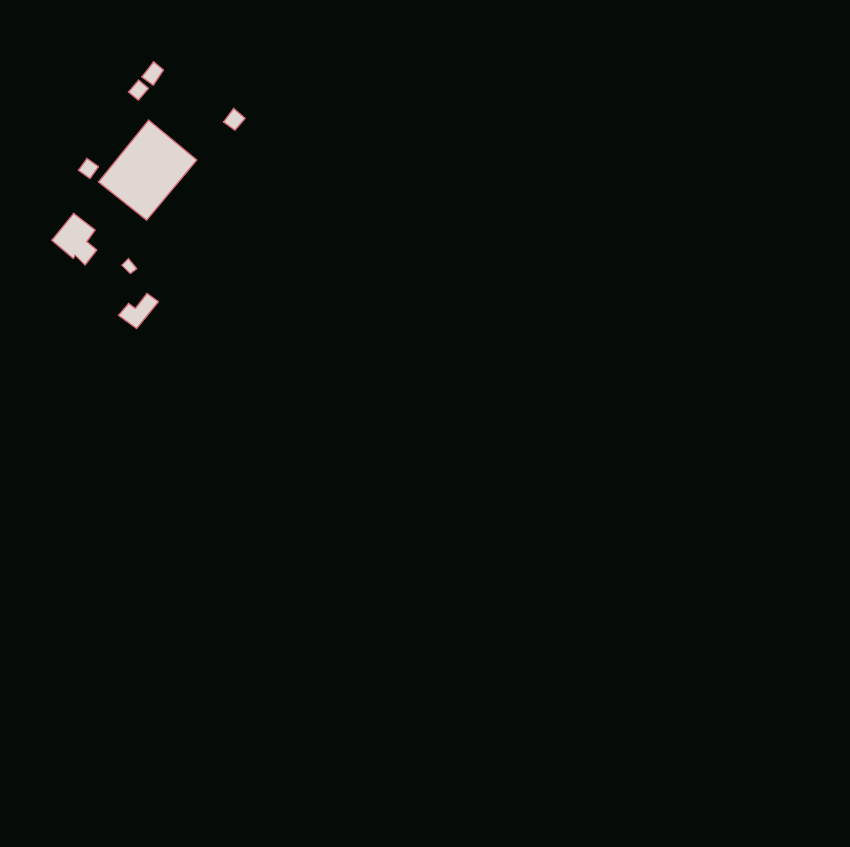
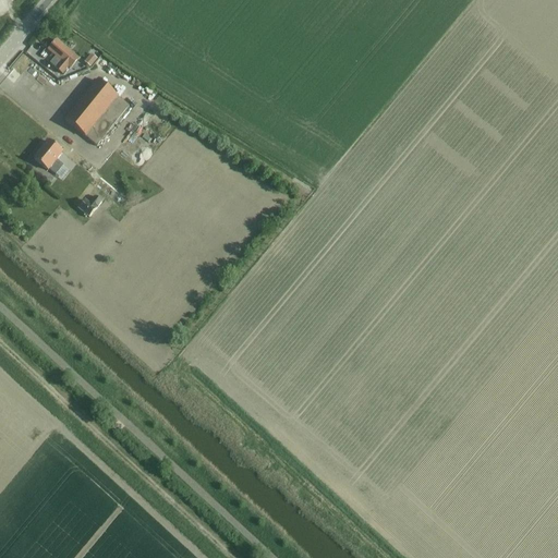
building: none -> [49,38,80,72]

